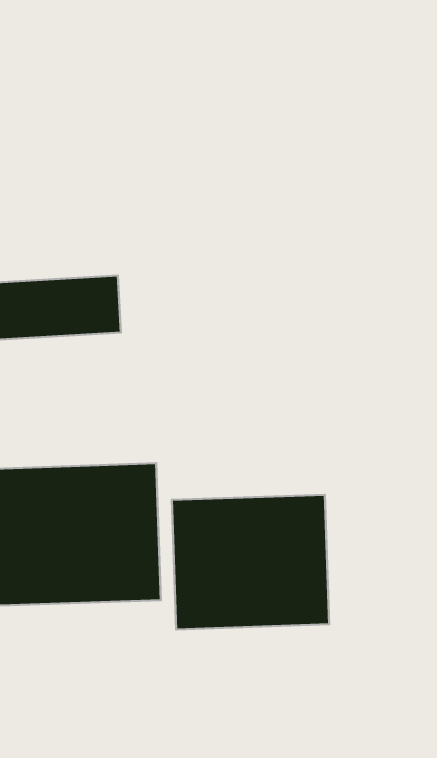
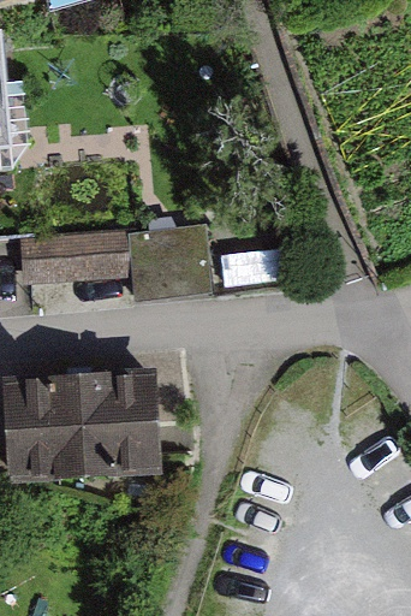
building: [172,495,329,629] -> none

